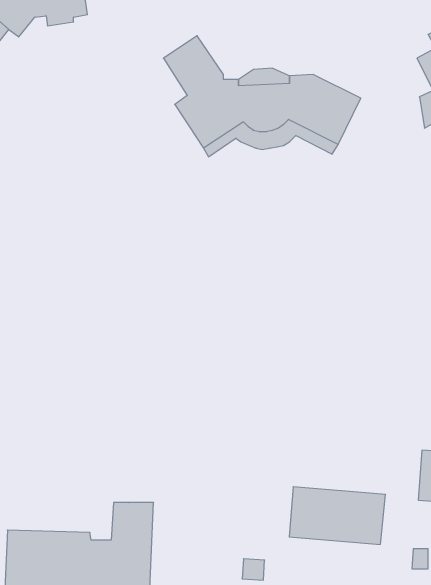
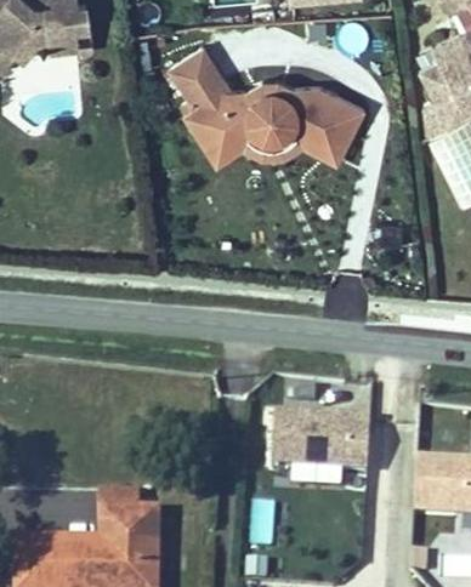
building: none -> [98,484,137,542]
building: [289,487,385,544] -> [267,412,361,468]

